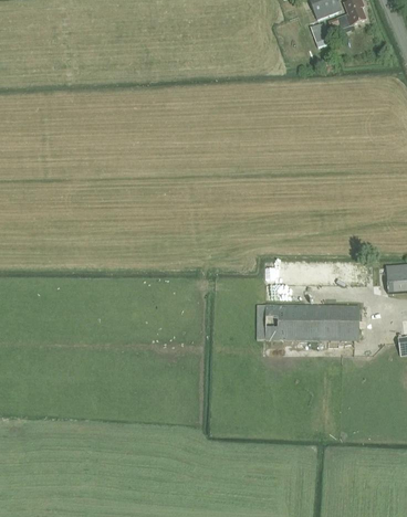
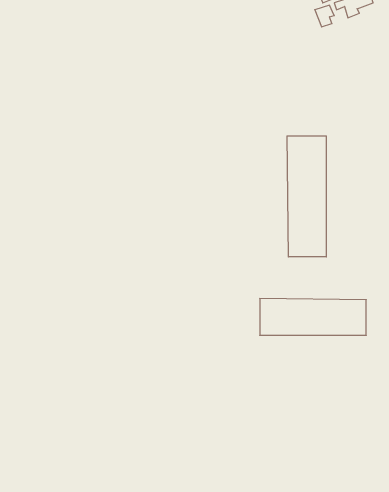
building: none -> [287,136,326,257]

